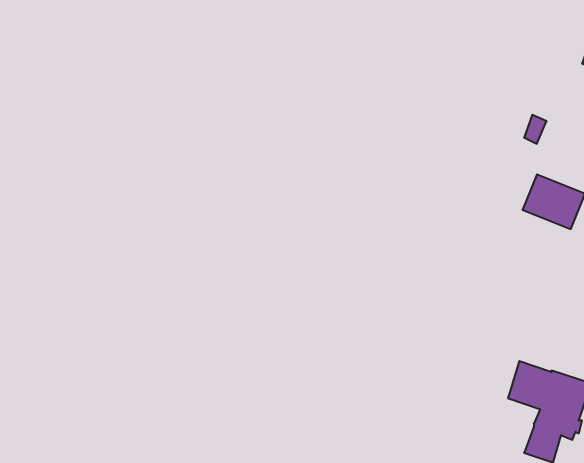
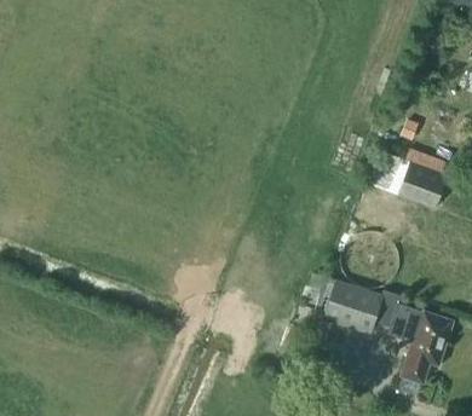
building: none -> [324,282,384,331]

